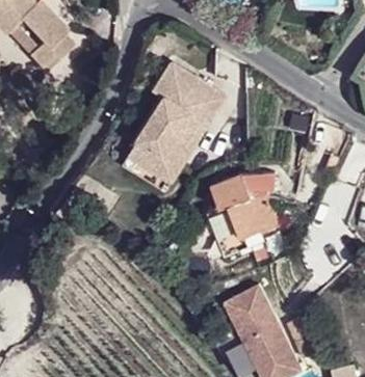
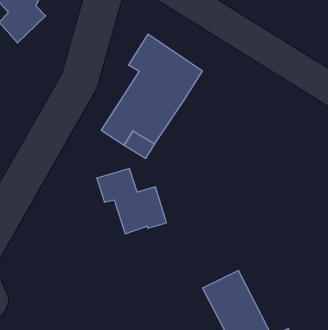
building: [211,174,278,237] -> [97,168,166,234]

